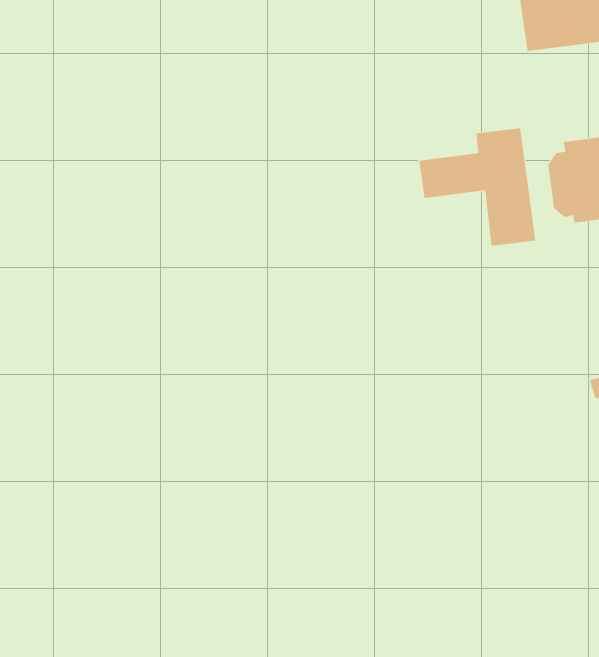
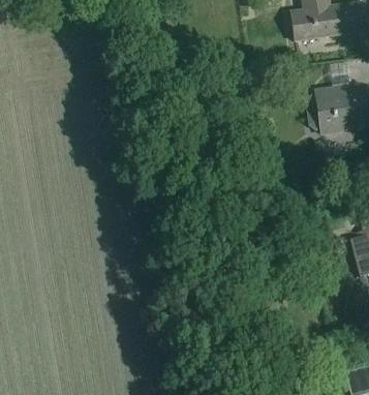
building: [419,127,536,246] -> none

